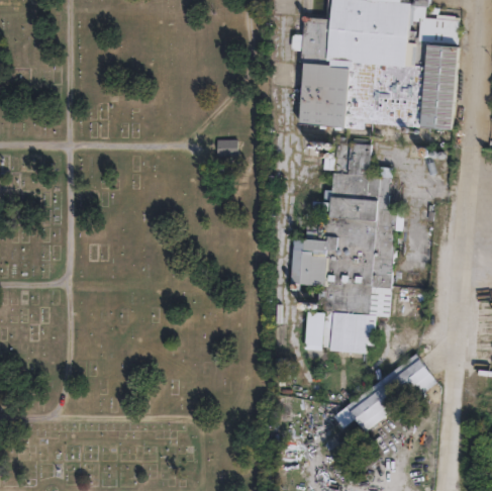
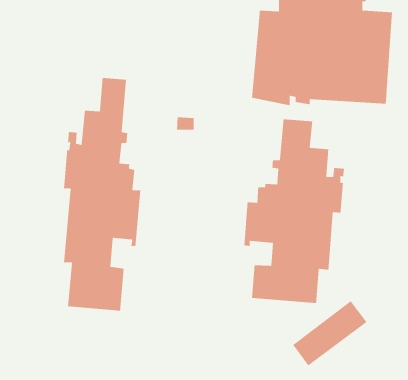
building: none -> [63,77,141,311]

